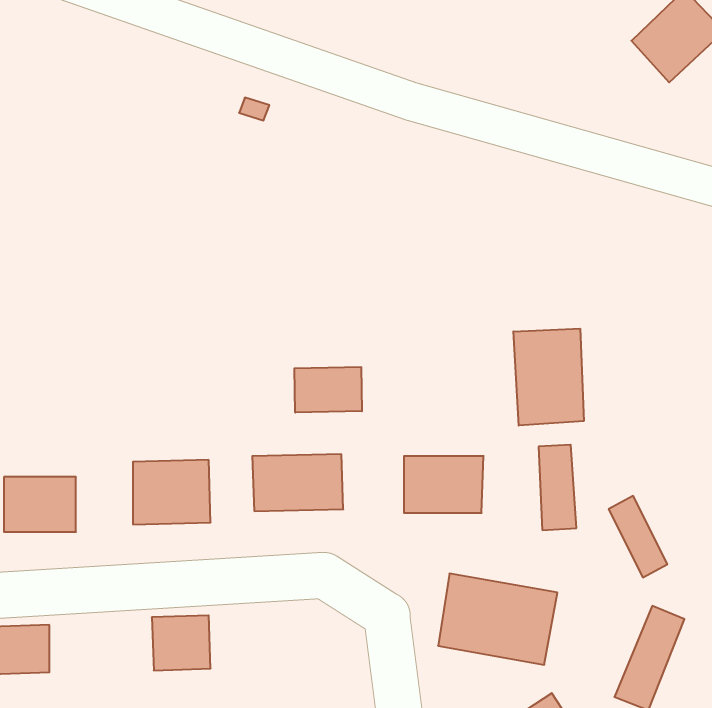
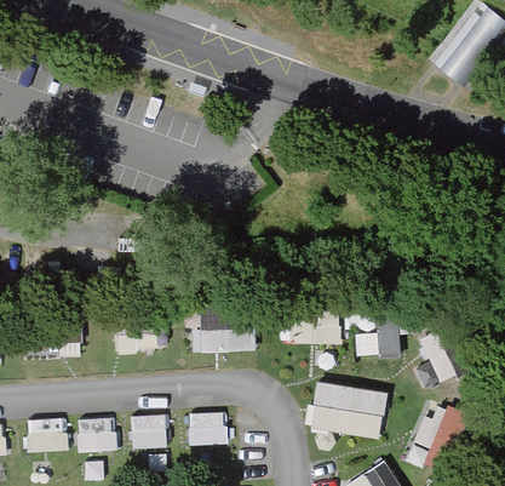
building: [513,329,584,426] -> none
building: [294,367,362,413] -> none
building: none -> [188,412,228,445]
building: none -> [76,418,116,452]

